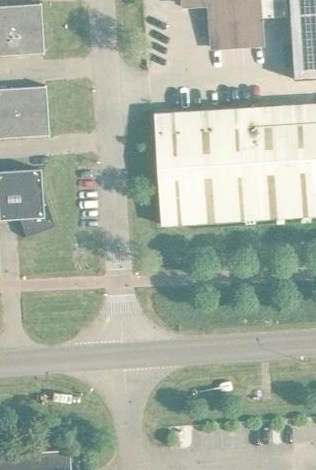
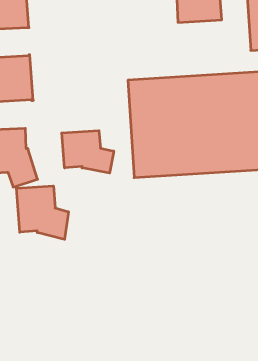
building: none -> [62,131,114,173]
building: none -> [17,186,68,239]

